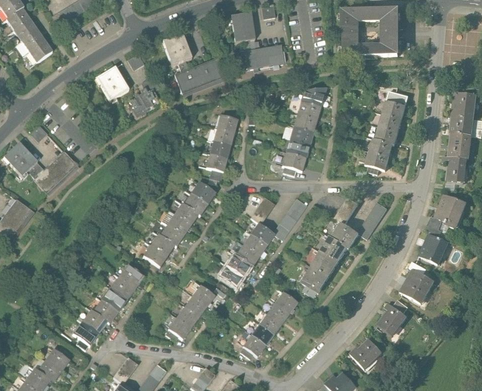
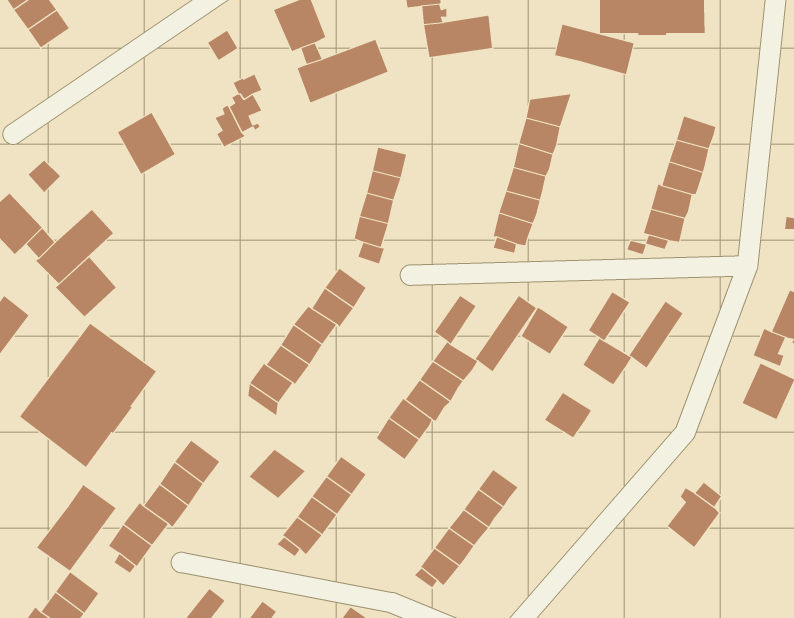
building: none -> [554,24,634,75]
building: [97,66,129,100] -> [117,112,176,174]
building: none -> [55,256,117,317]
building: none -> [19,323,157,468]
building: [321,234,347,260] -> [521,307,569,355]
building: [118,261,149,288] -> [249,449,306,499]
building: [301,265,327,291] -> none
building: [401,269,434,302] -> none
building: none -> [36,484,117,572]
building: [350,338,383,368] -> none

